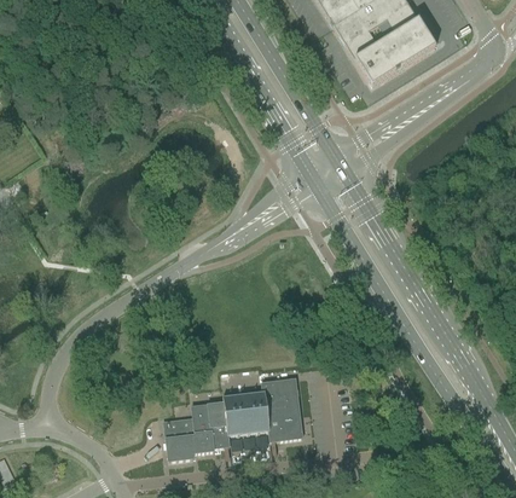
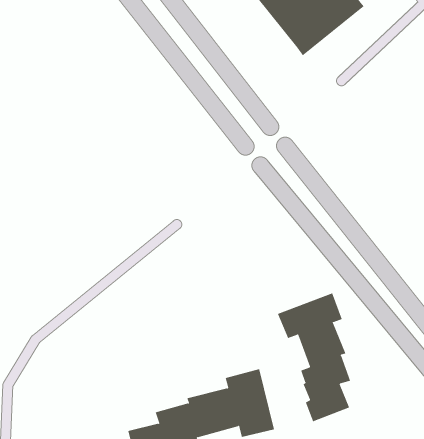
building: none -> [277,293,351,422]

